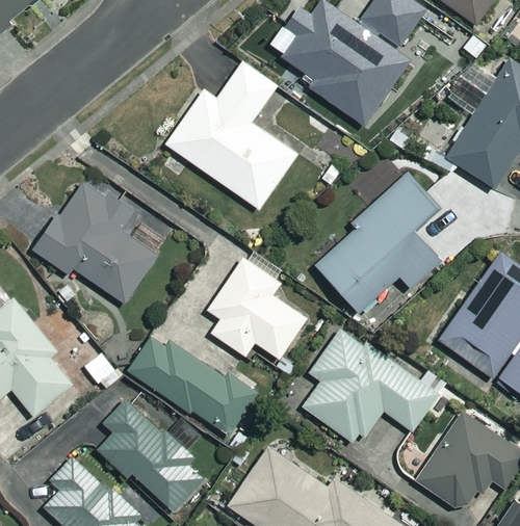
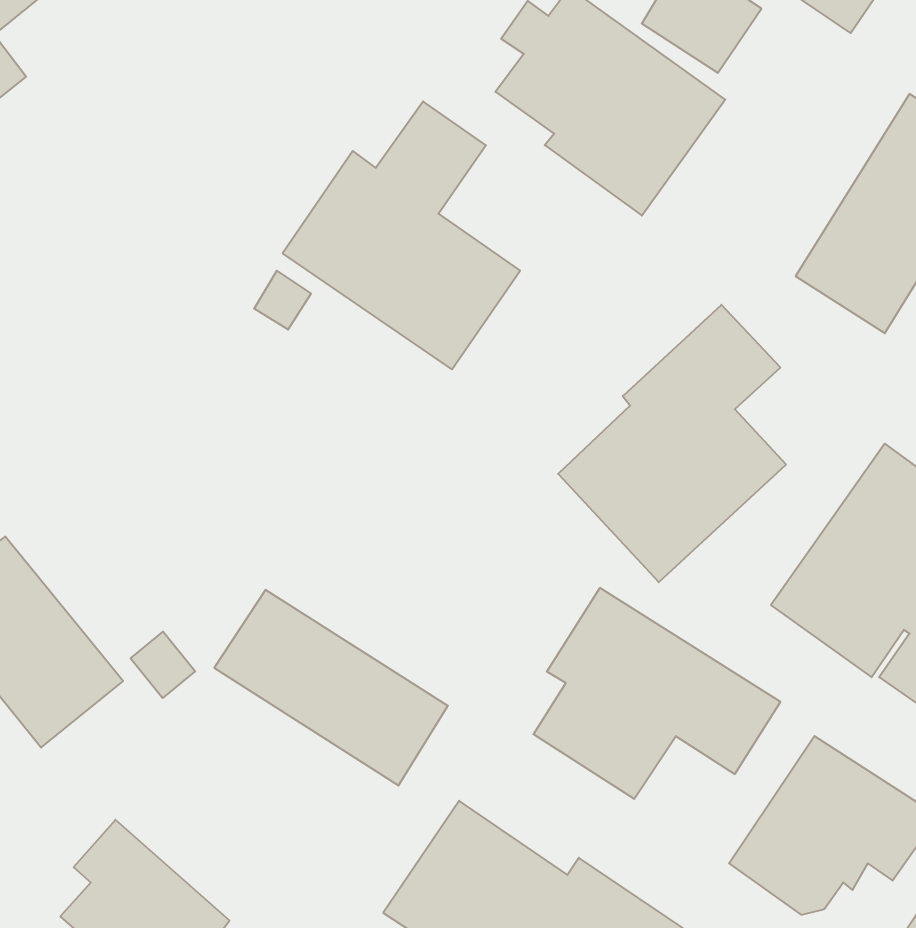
building: [34,179,157,303] -> none
building: [207,259,307,359] -> none
building: [98,400,206,509] -> none

